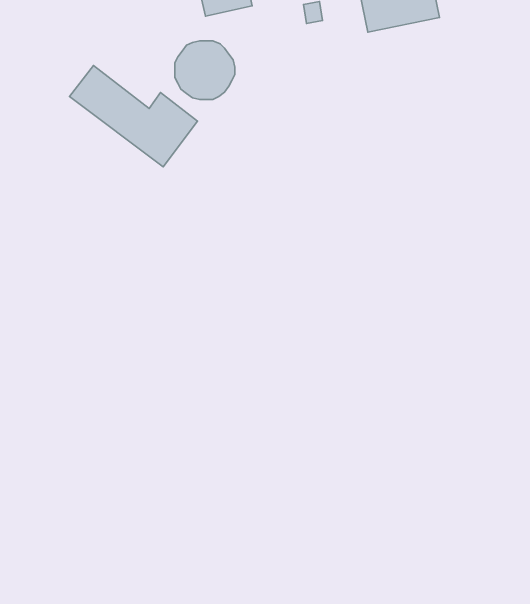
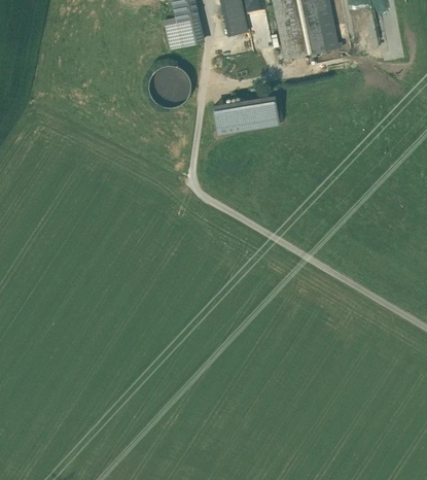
building: [70,65,198,167] -> none
building: none -> [214,97,279,131]

